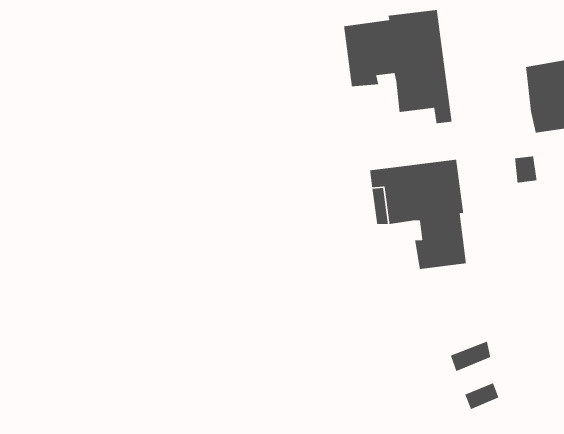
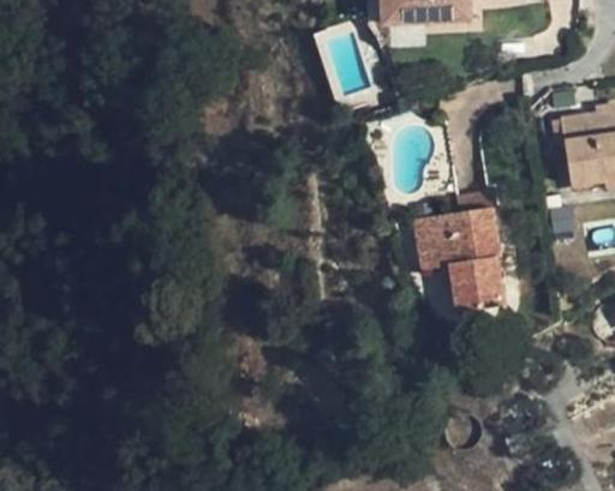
building: [343,9,452,124] -> none

